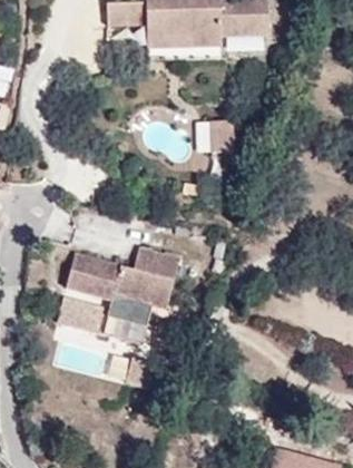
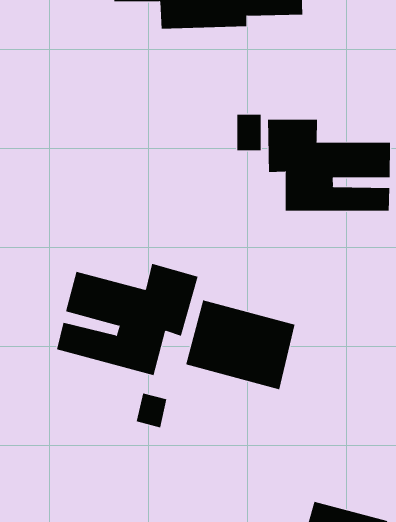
building: none -> [267,119,390,212]
building: none -> [186,299,295,390]

